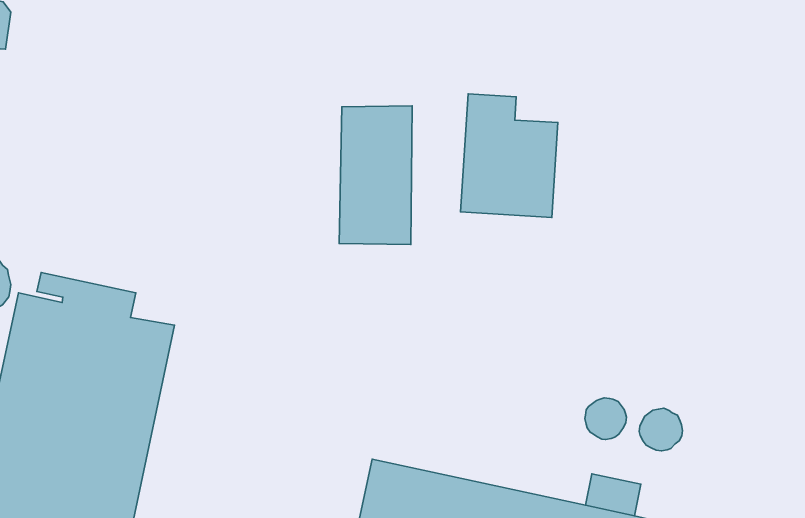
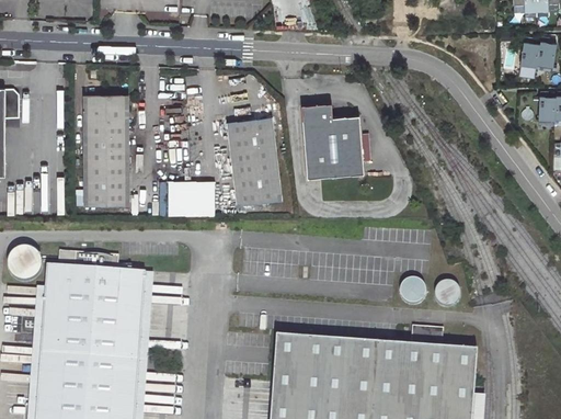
building: none -> [82,102,127,207]
building: none -> [167,181,214,216]

